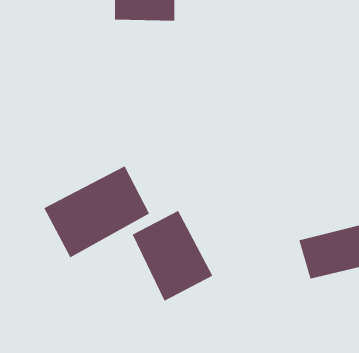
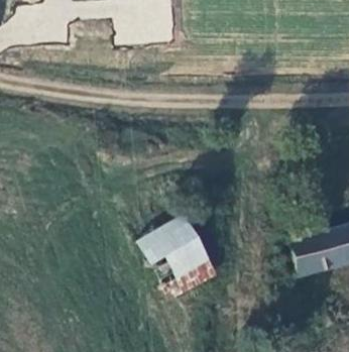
building: [44,165,150,258] -> none

